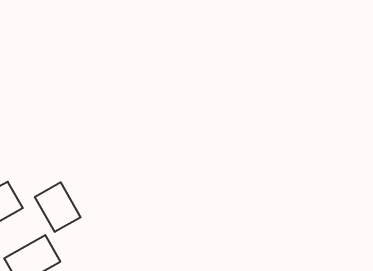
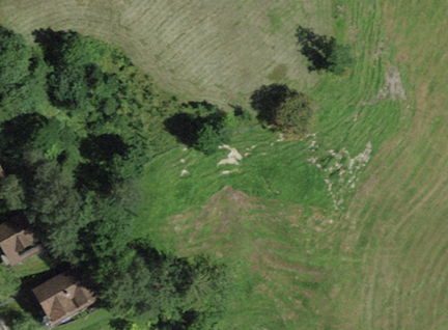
building: [35,182,81,232] -> none

